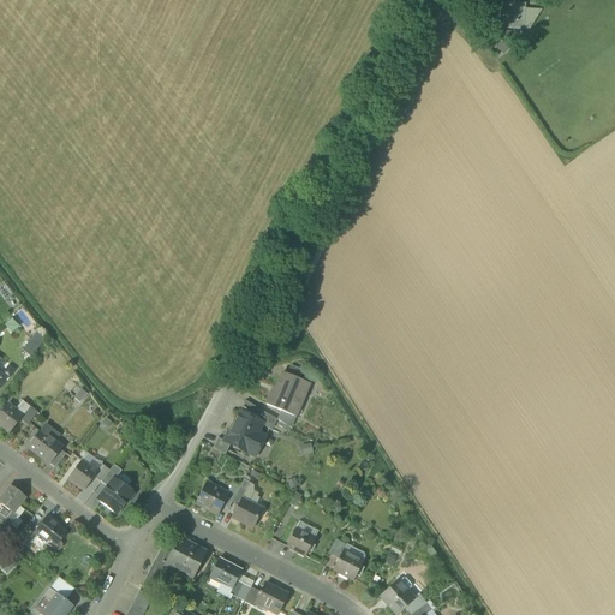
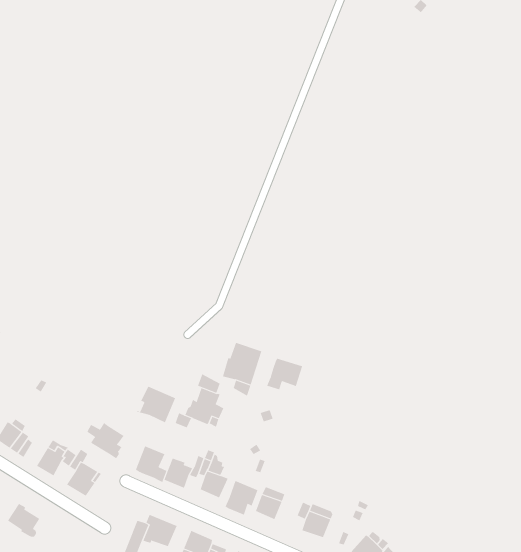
building: none -> [266,358,303,390]
building: none -> [137,386,176,423]
building: none -> [86,422,129,459]
building: none -> [135,445,167,483]
building: none -> [225,480,258,516]

